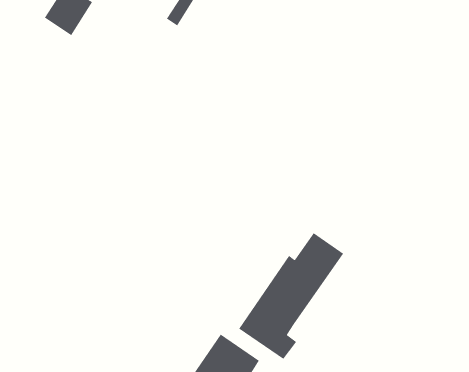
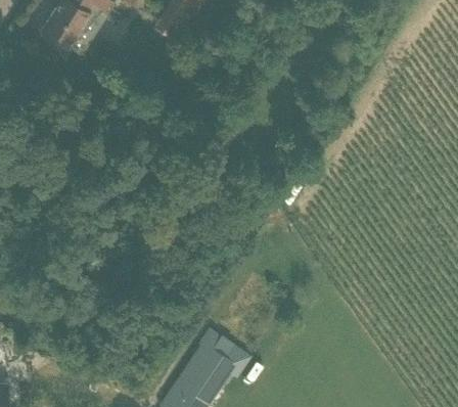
building: [238,232,344,360] -> none

